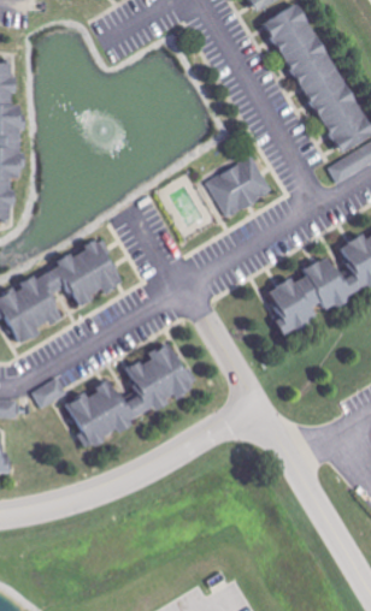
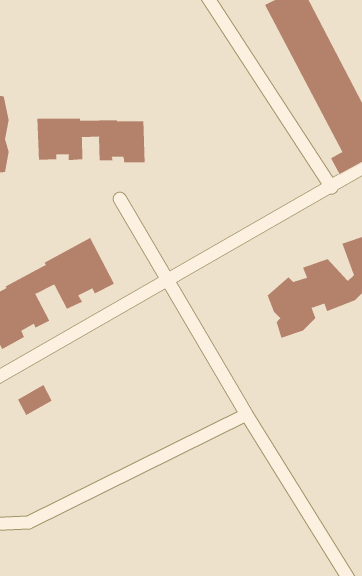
building: none -> [37,118,145,163]
building: [205,155,271,218] -> none
building: [65,340,196,449] -> none

